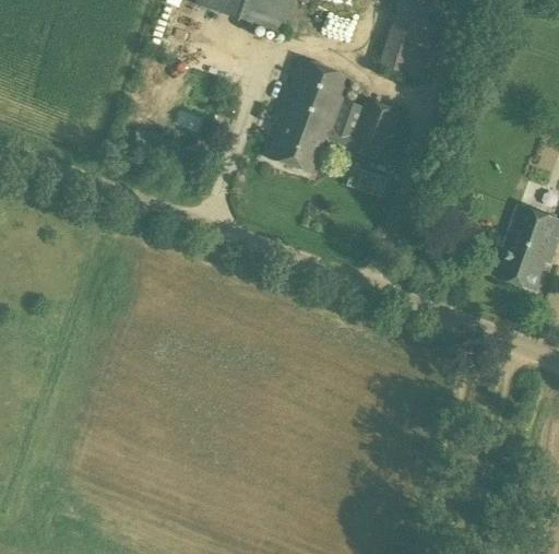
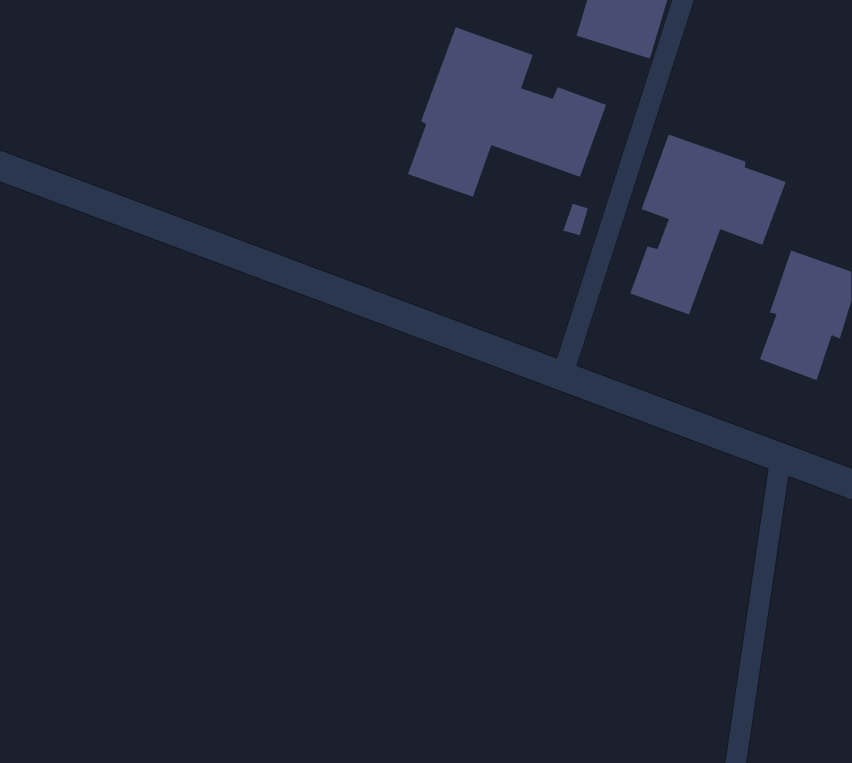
building: none -> [629,133,787,316]

